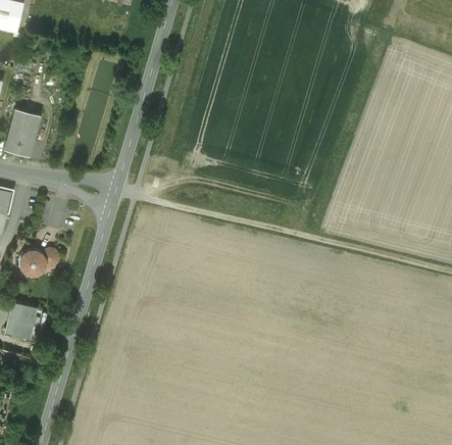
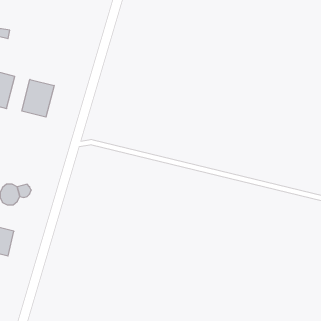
building: none -> [22,79,54,117]

